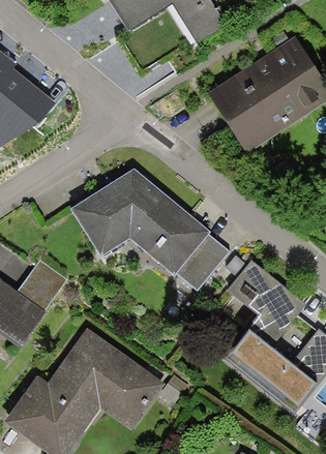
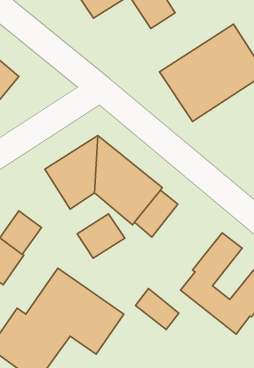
building: [227,261,281,314] -> none
building: none -> [77,214,125,258]
building: none -> [136,289,179,330]

